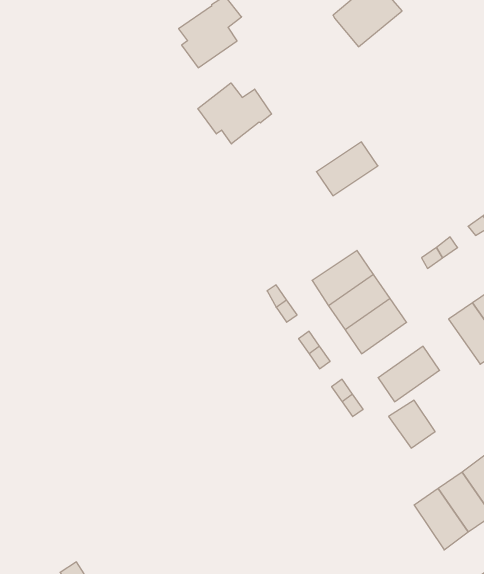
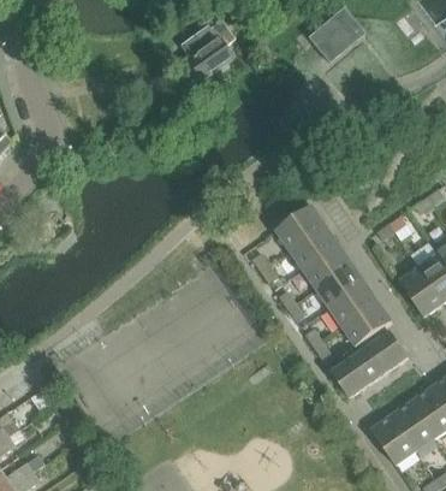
building: [198,83,272,144] -> none
building: [316,142,378,196] -> [276,206,326,249]
building: none -> [329,283,379,327]
building: none -> [371,331,409,371]
building: none -> [332,359,369,397]

